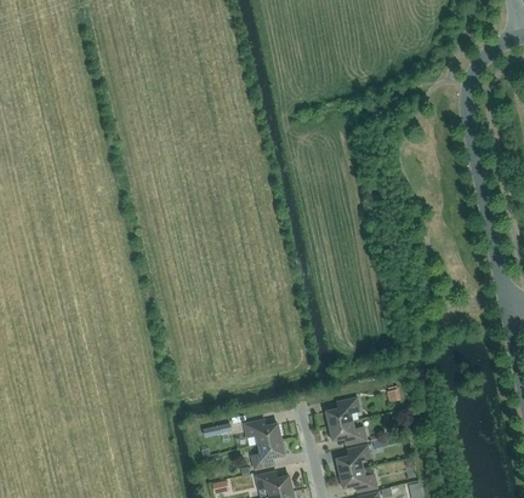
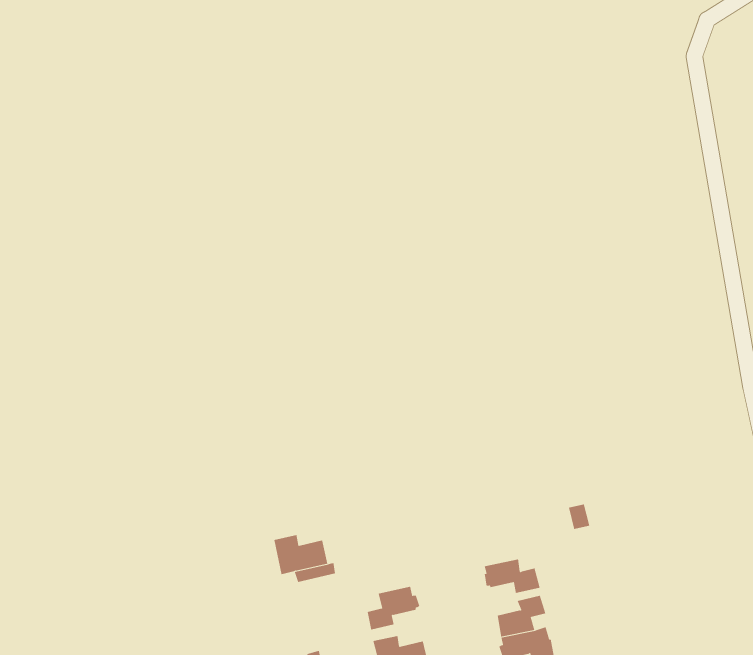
building: [324,396,359,425] -> none
building: [244,419,280,446] -> [273,534,328,575]

